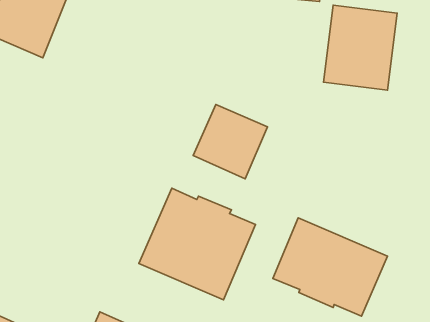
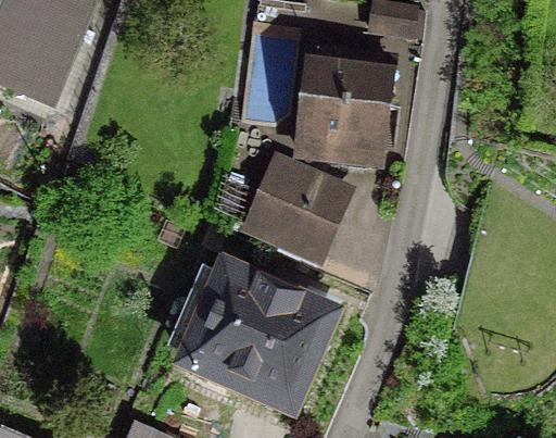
building: [324,5,397,90] -> [293,53,386,160]
building: [273,218,388,316] -> none

